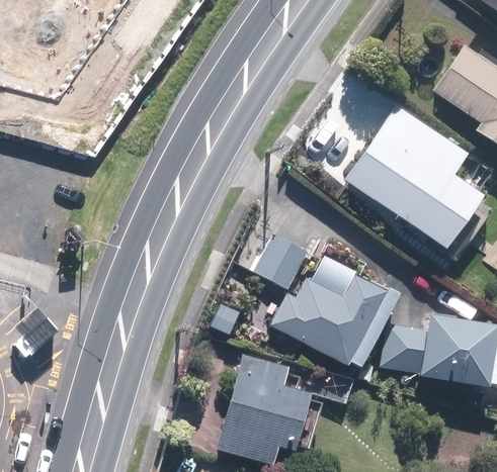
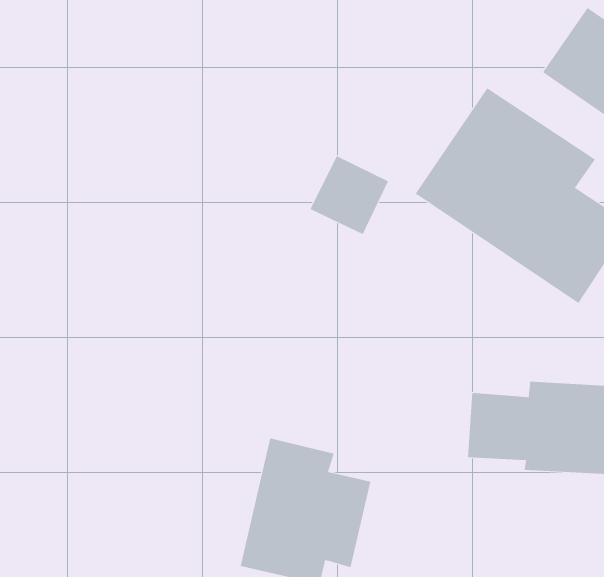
building: [252,234,309,291] -> [310,156,389,235]
building: [271,267,397,369] -> none

